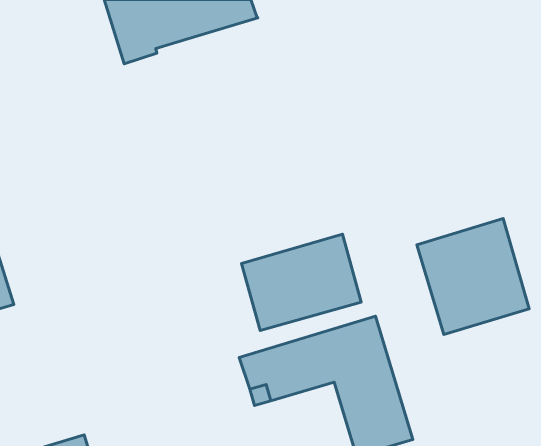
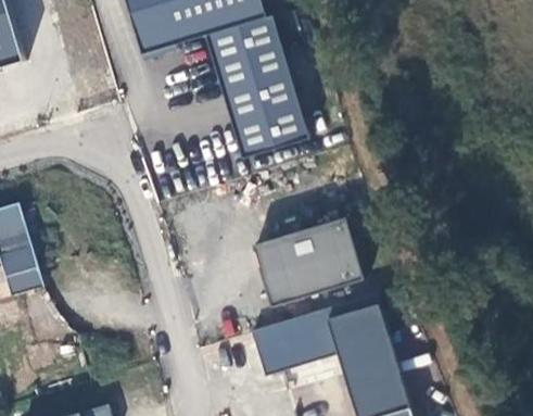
building: none -> [206,14,312,159]
building: [417,218,529,335] -> none

